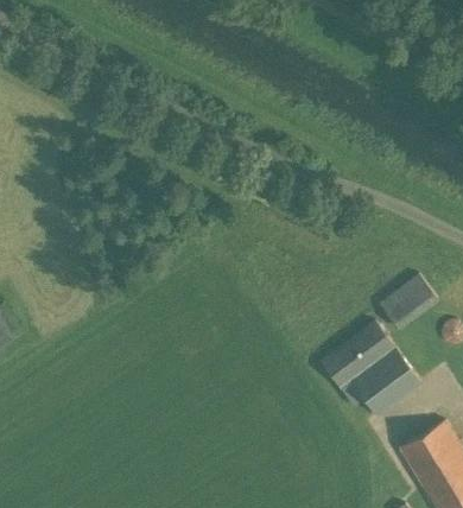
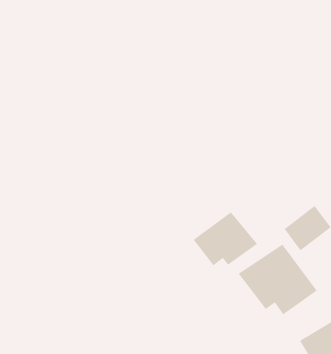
building: none -> [193,211,258,266]

